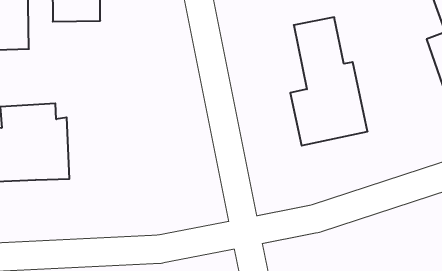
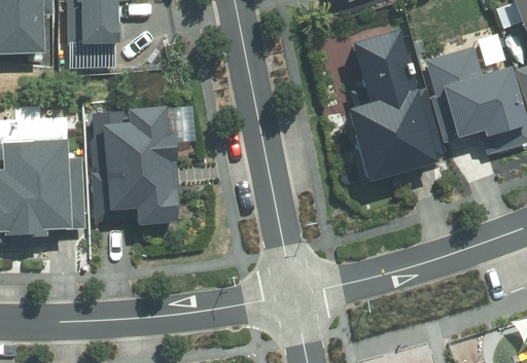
building: none -> [428,66,517,143]
building: none -> [94,105,179,222]

